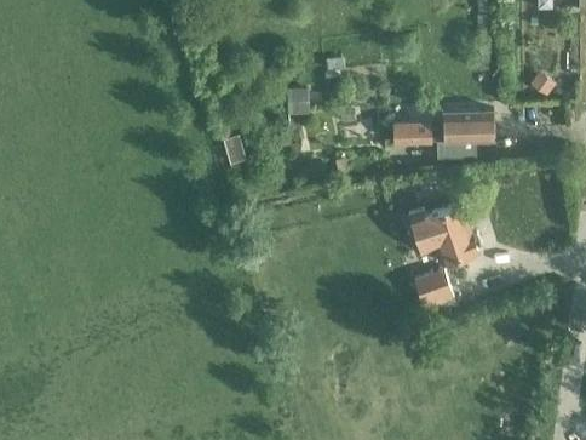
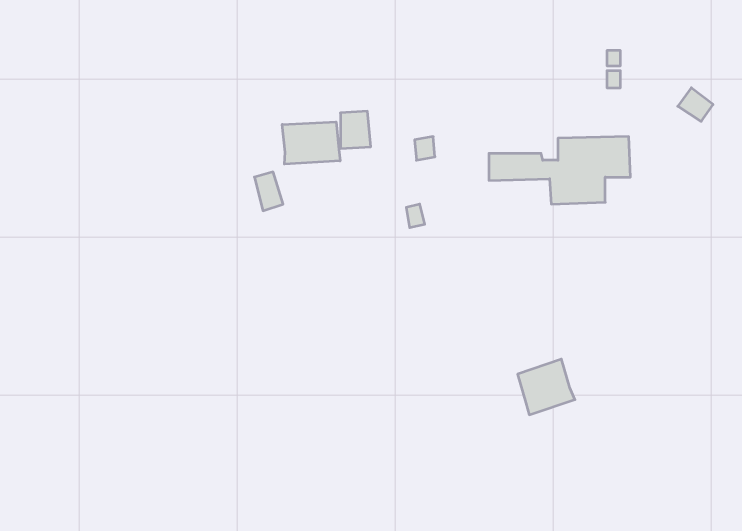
building: none -> [282,122,340,164]
building: [409,205,478,265] -> none

